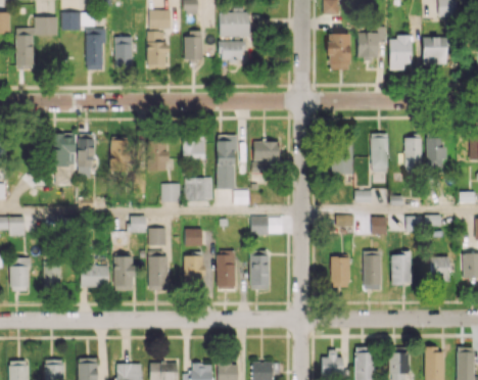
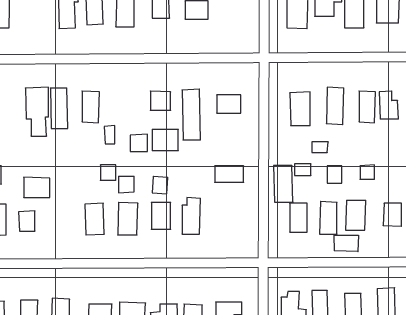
building: [147,139,168,171] -> none
building: [249,250,270,289] -> [274,166,293,202]
building: [81,265,108,286] -> [24,177,50,197]
building: none -> [334,235,358,252]

